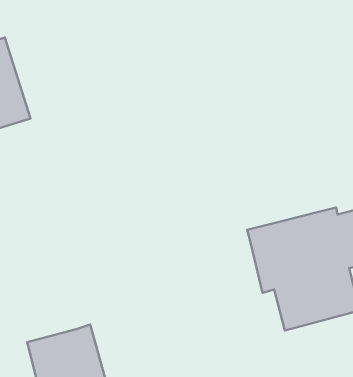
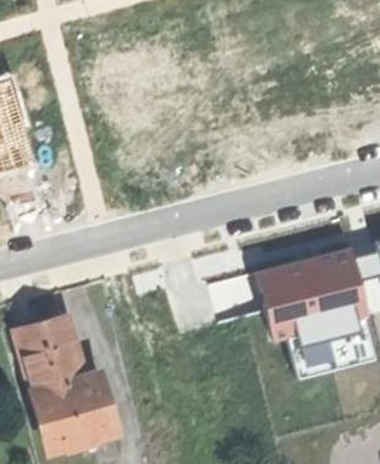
building: none -> [16,315,83,389]

